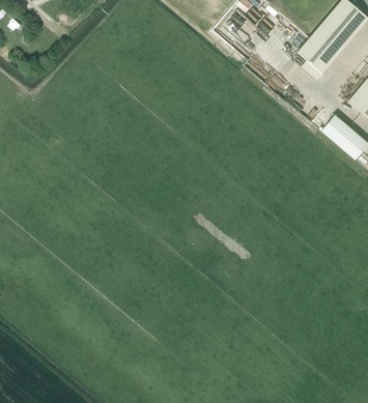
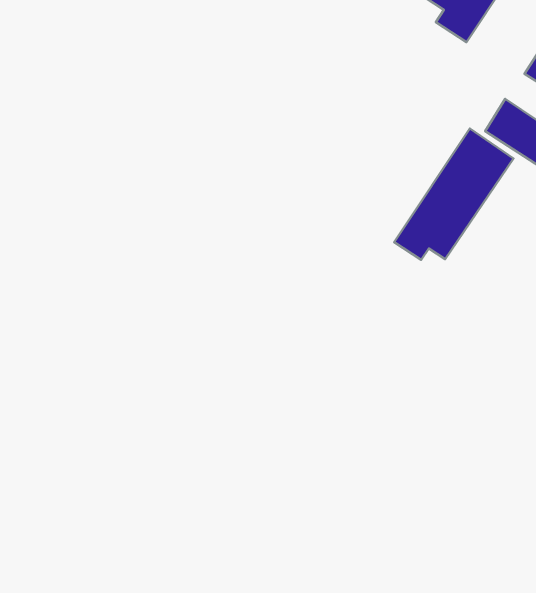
building: none -> [394,128,513,260]

